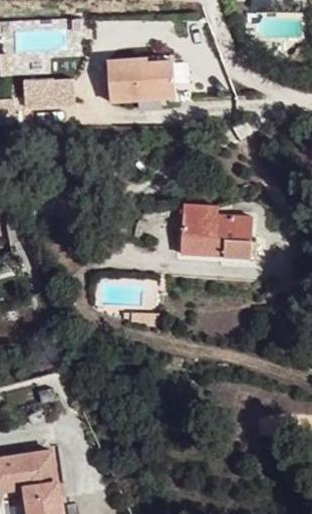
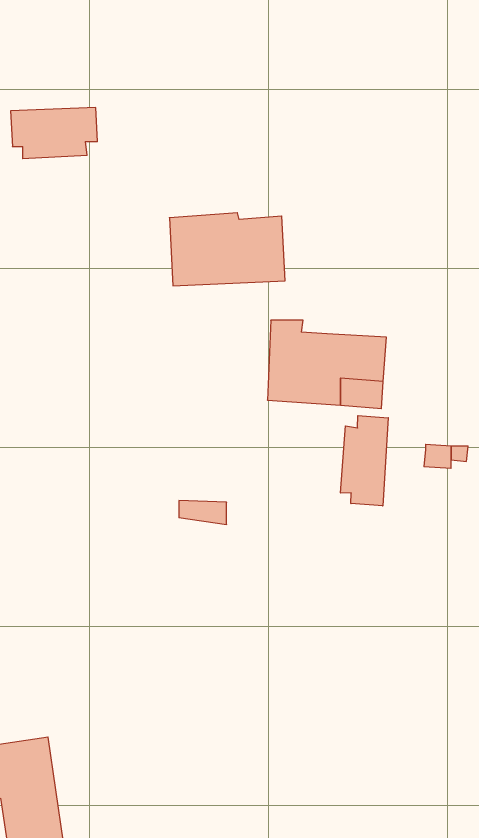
building: [105,56,174,99] -> [169,213,285,286]
building: none -> [341,416,388,506]

